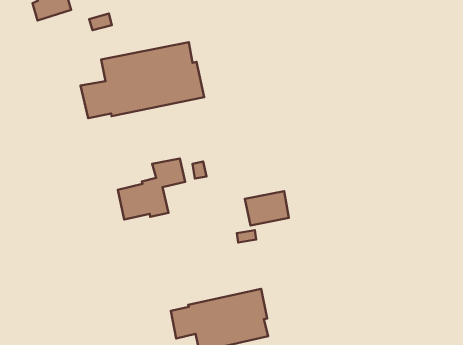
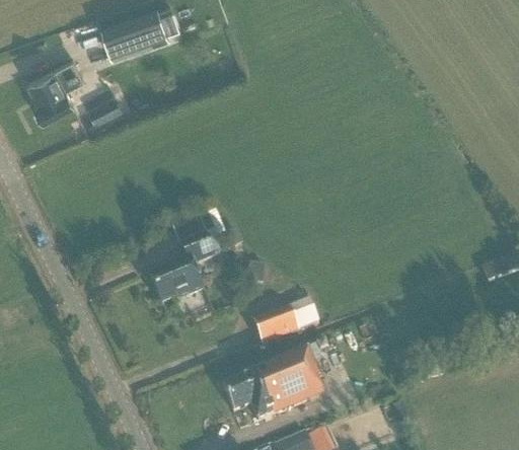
building: [81,42,204,118] -> none
building: [245,191,289,225] -> [253,303,300,343]

